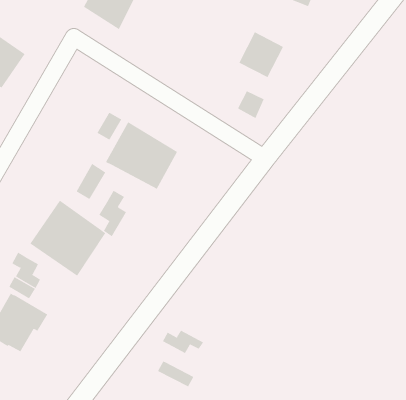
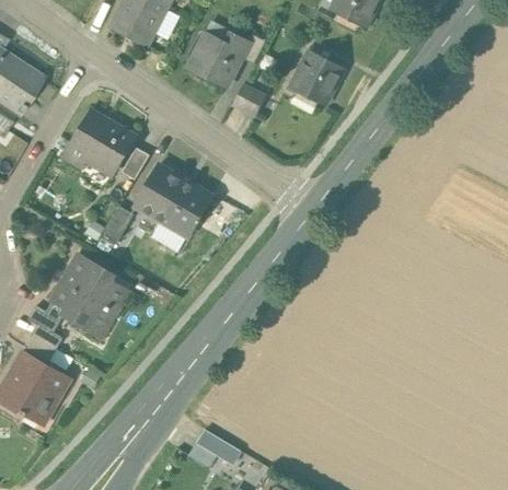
building: none -> [186,27,251,85]
building: none -> [58,106,140,175]
building: [237,91,265,119] -> [232,83,264,116]
building: [99,190,127,237] -> none
building: [162,330,204,354] -> none

